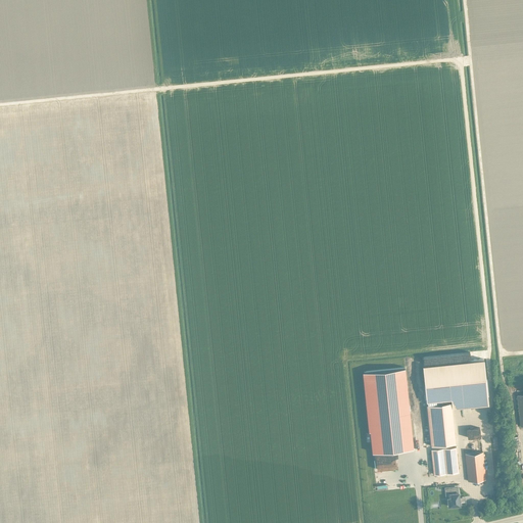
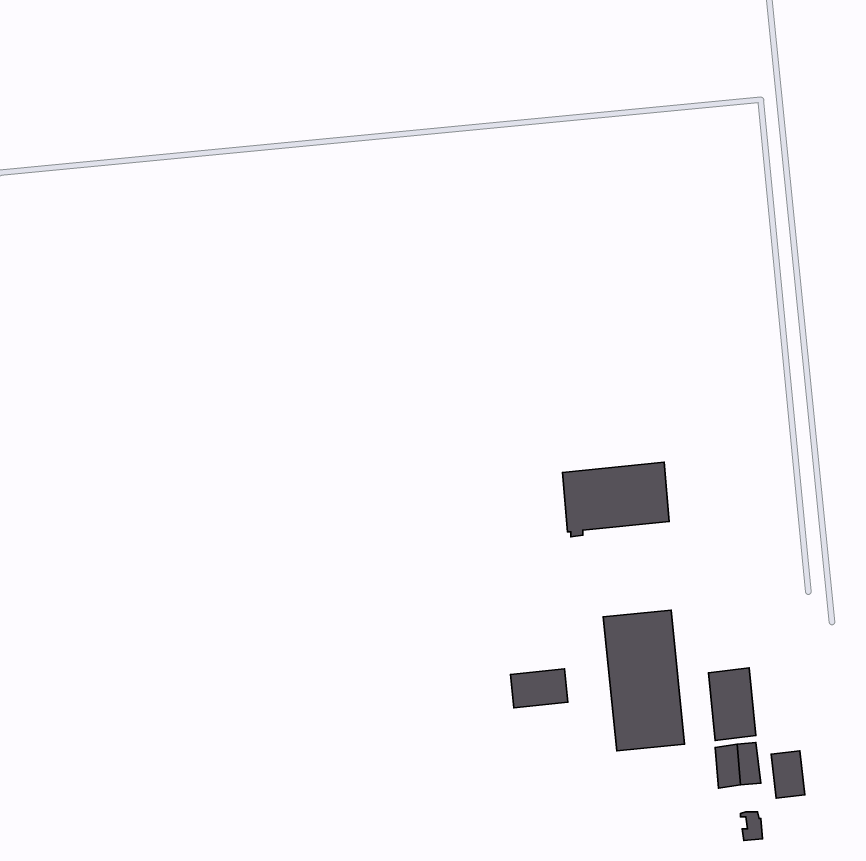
building: [423,363,487,408] -> [562,462,669,537]
building: none -> [511,669,568,708]

